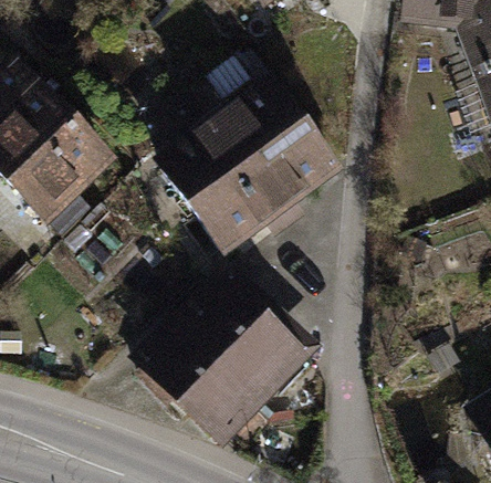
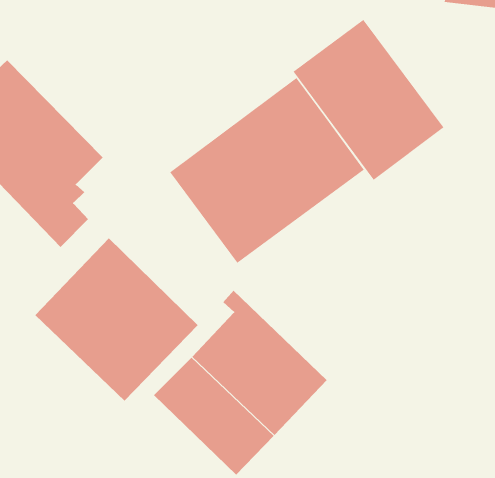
building: none -> [293,19,445,181]
building: none -> [35,238,199,402]

